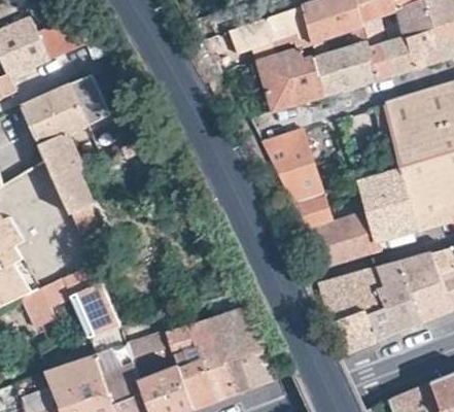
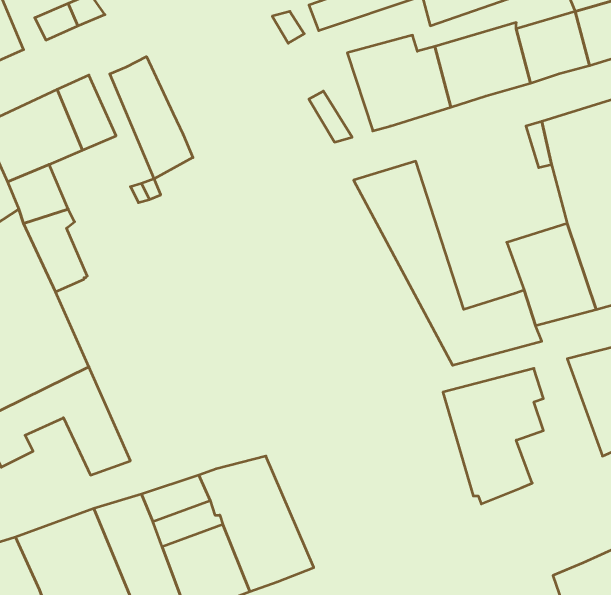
building: none -> [110,57,193,179]
building: [366,259,422,339] -> none
building: [205,307,273,393] -> none

